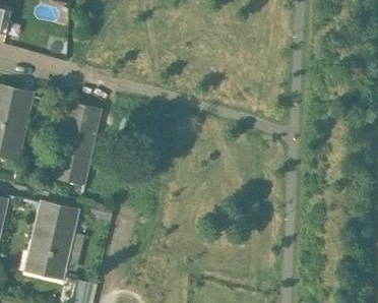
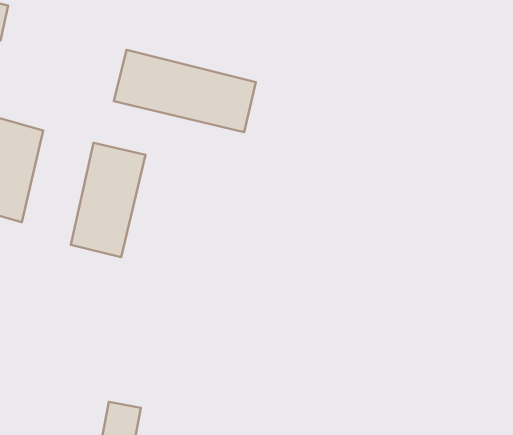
building: none -> [114,50,256,132]
building: [26,202,77,274] -> none

